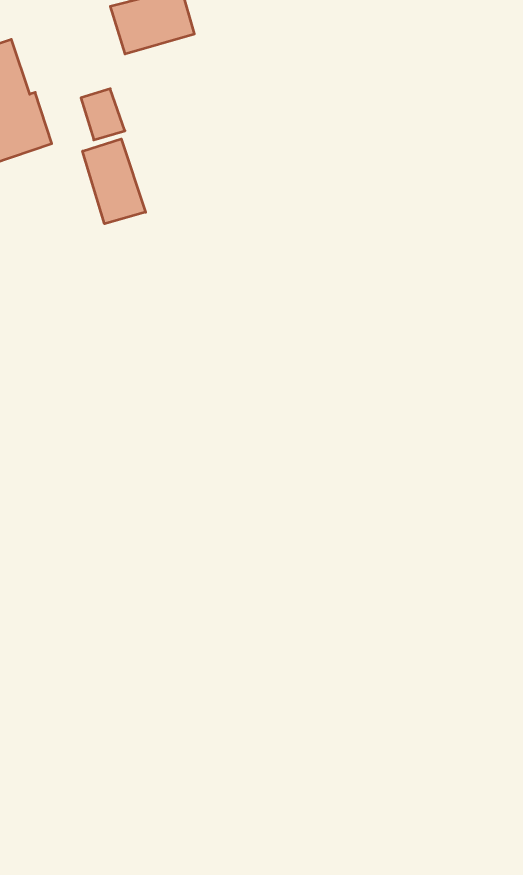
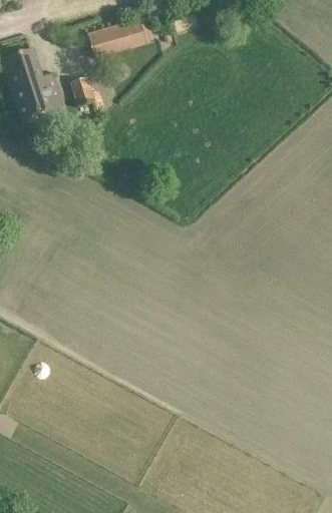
building: [83,139,146,224] -> none

